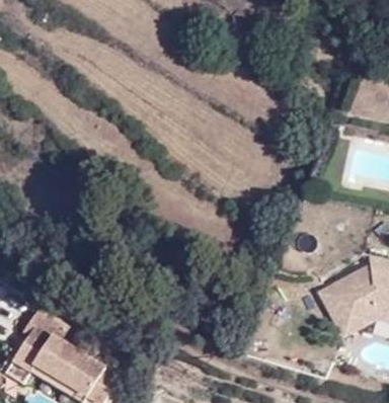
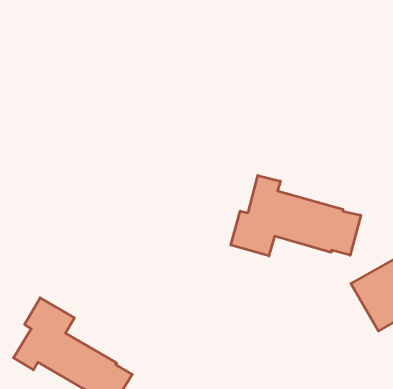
building: none -> [231,175,361,256]

